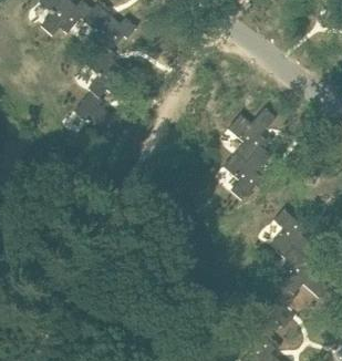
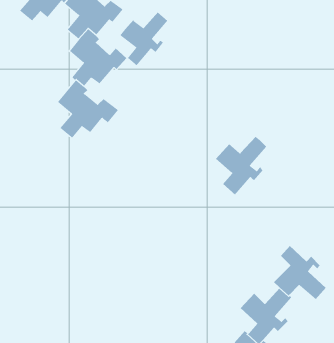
building: none -> [120,12,168,66]
building: [229,109,278,162] -> none
building: [270,209,319,262] -> none

